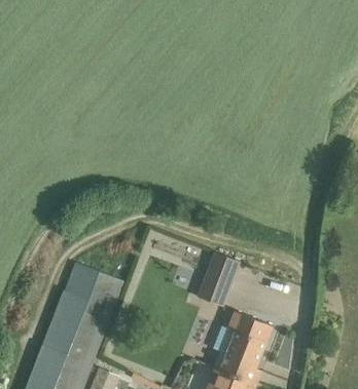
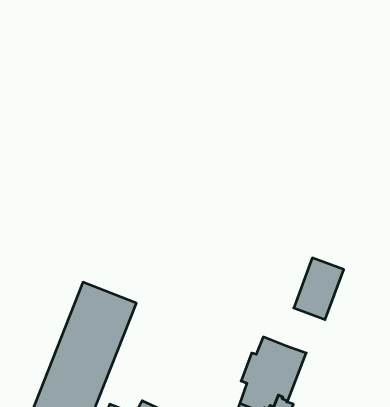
building: [195,254,240,308] -> [294,258,344,320]

